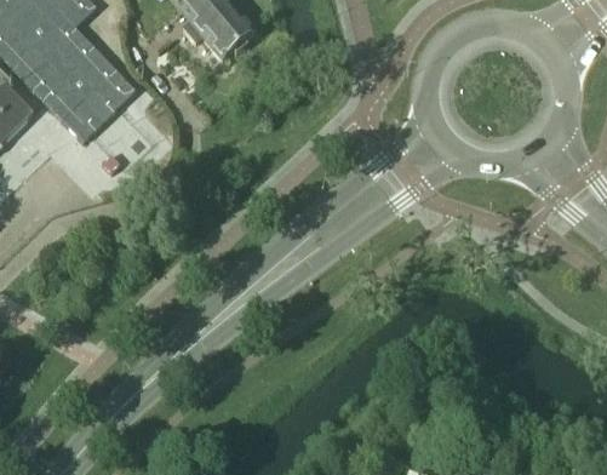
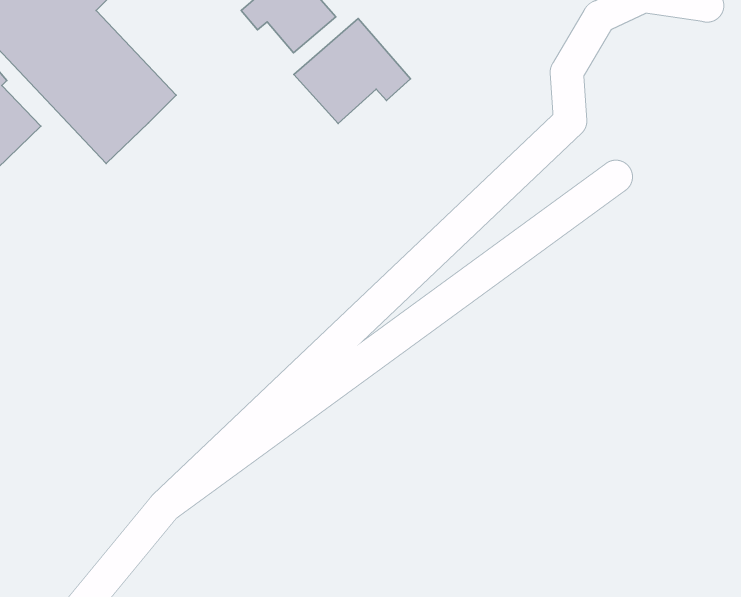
building: none -> [294,19,410,124]

